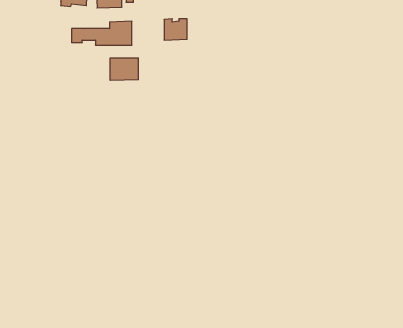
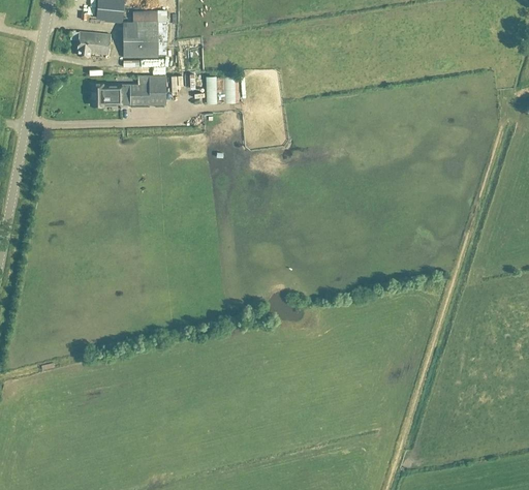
building: [110,58,138,80] -> none

